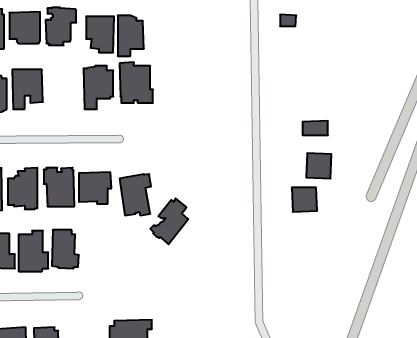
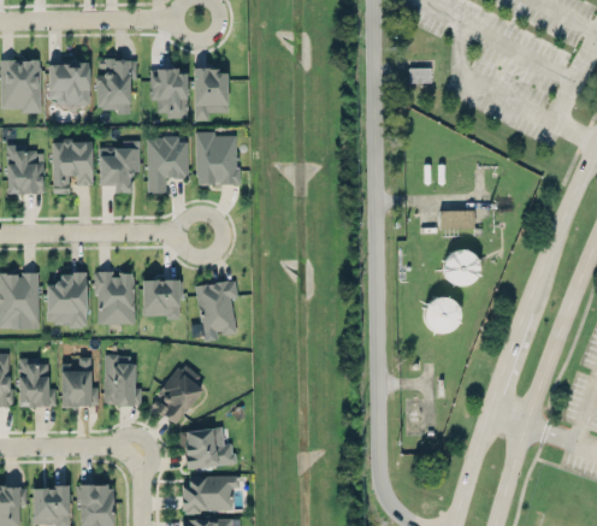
building: none -> [97,141,140,195]
building: [150,198,188,244] -> [150,365,201,426]
building: none -> [178,427,236,469]

